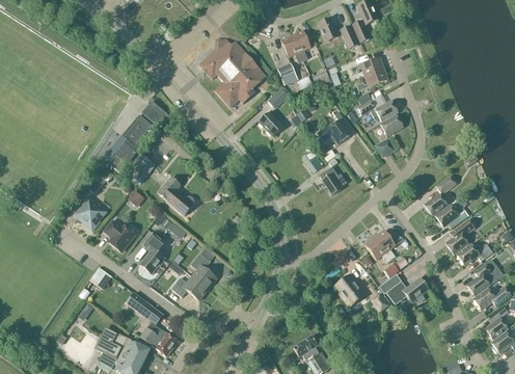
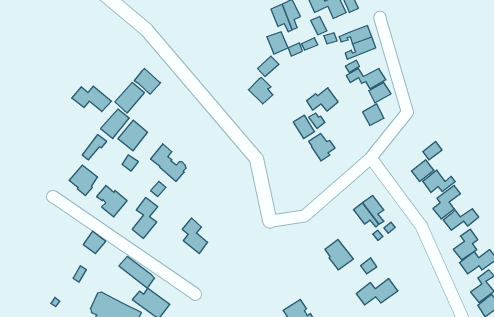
building: [198,38,266,107] -> none
building: none -> [72,86,112,112]
building: [171,275,208,299] -> none
building: [386,276,429,303] -> [356,279,398,305]

